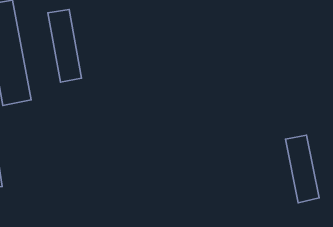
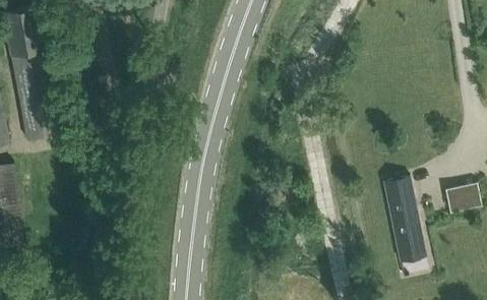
building: [48,10,81,82] -> none

